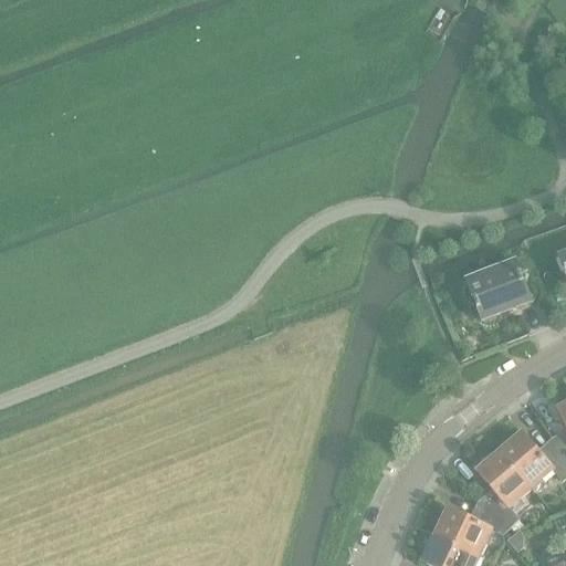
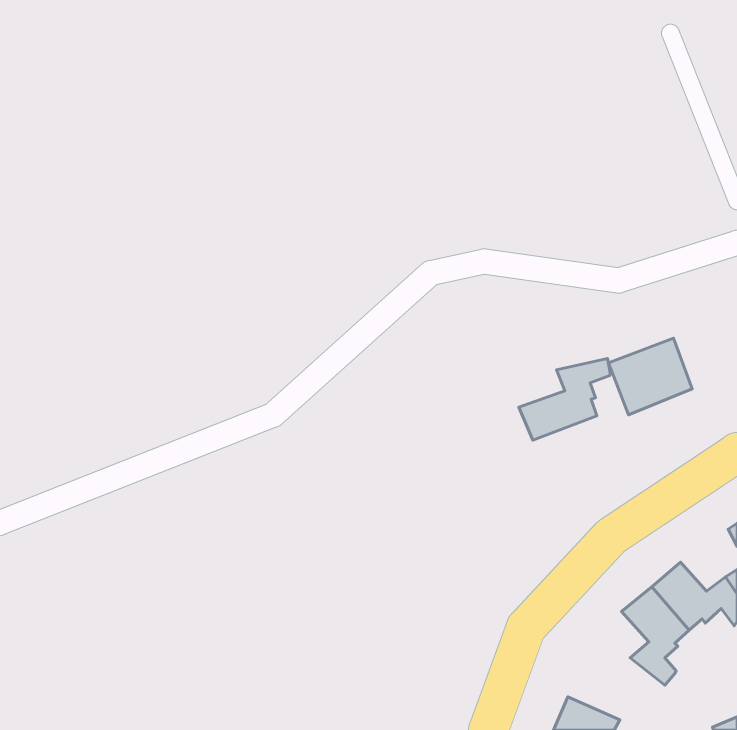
building: none -> [519,359,610,440]
building: [434,503,509,551] -> none

